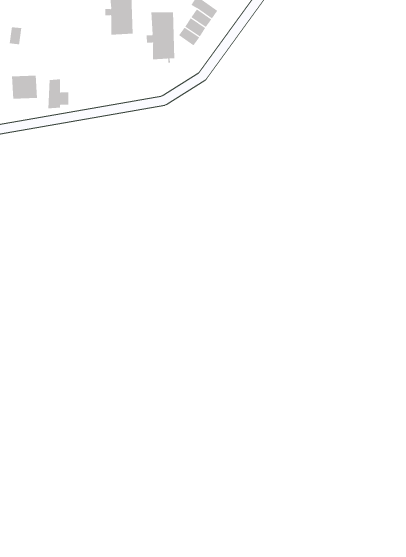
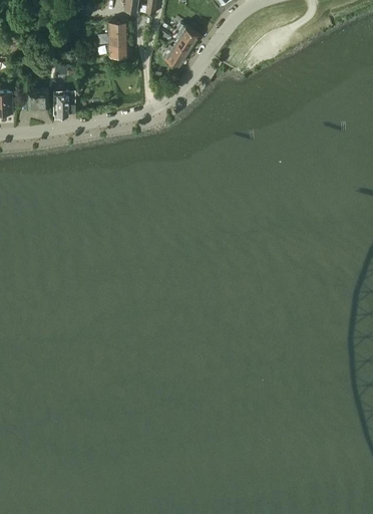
building: [146,12,175,63] -> none

